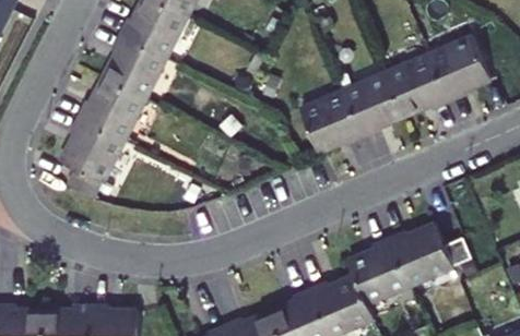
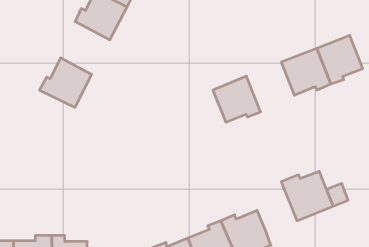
building: [105,34,167,100] -> none
building: [340,85,400,147] -> none
building: [54,120,123,201] -> none
building: [346,236,403,300] -> none

